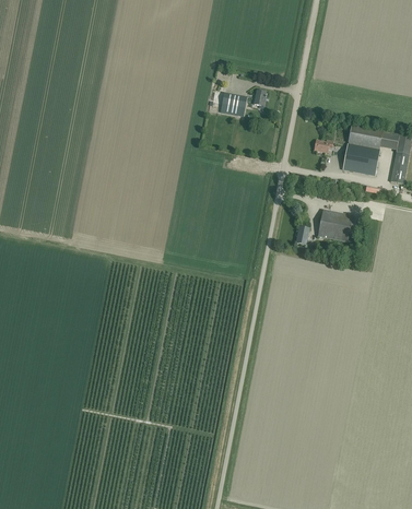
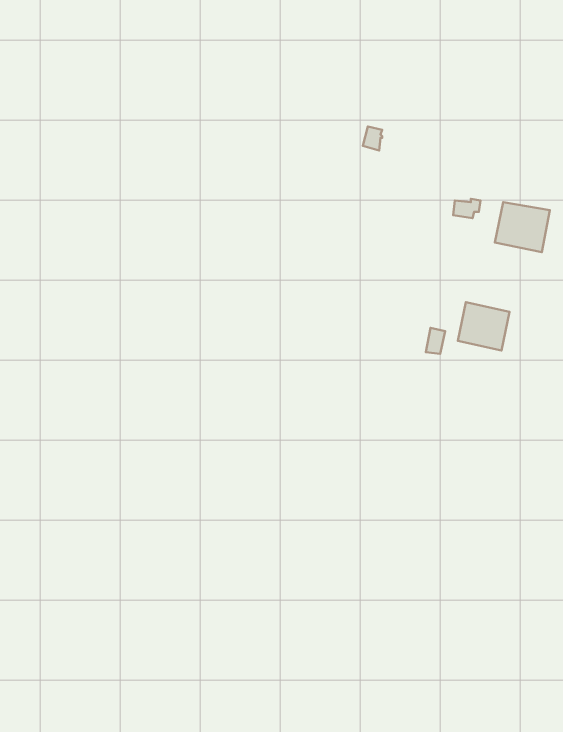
building: [210,91,246,117] -> none
building: [348,127,381,147] -> none

